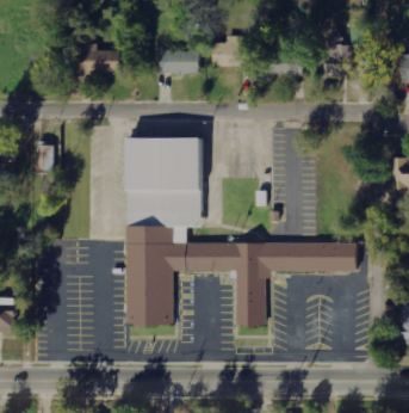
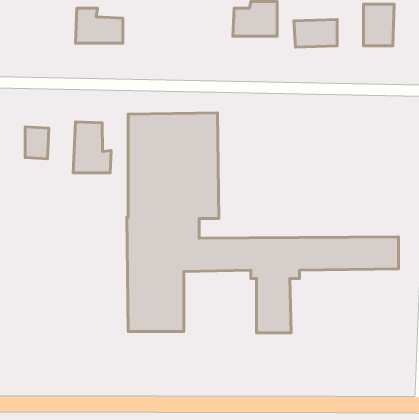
building: [161,51,202,75] -> none
building: none -> [73,122,111,173]

